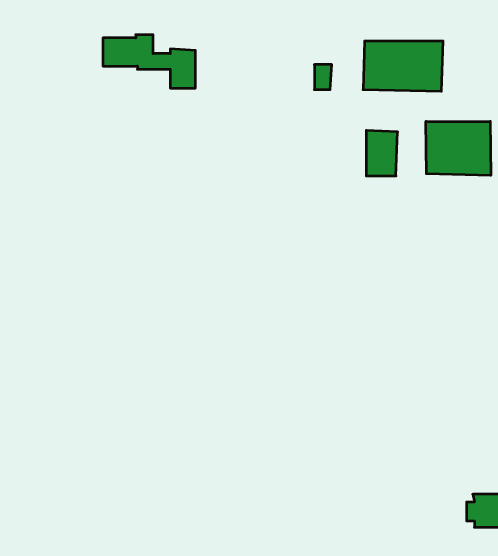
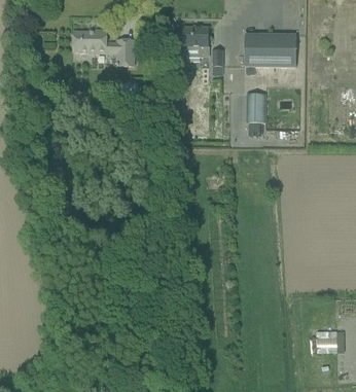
building: none -> [183,27,210,57]
building: [426,121,491,175] -> none

